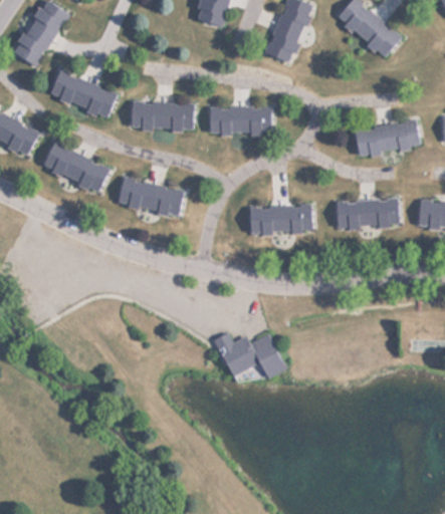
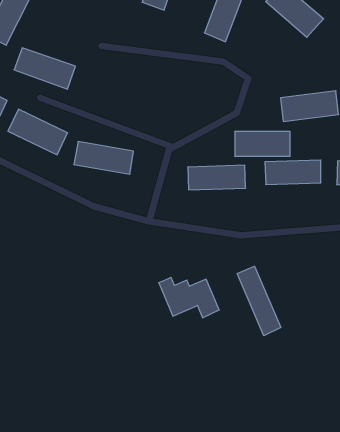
building: [129,101,194,130] -> none
building: [207,105,270,134] -> [235,132,290,156]
building: none -> [237,266,281,336]

